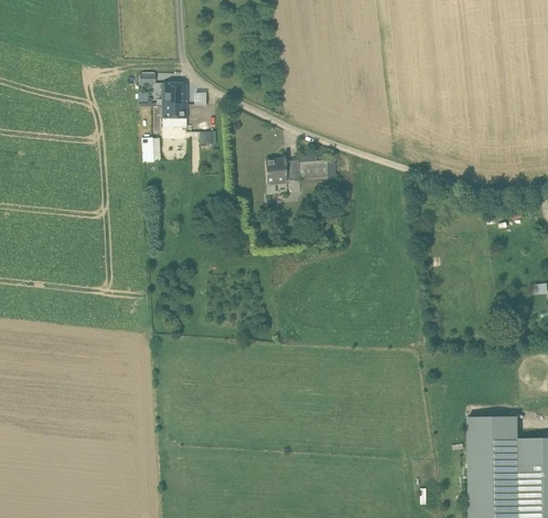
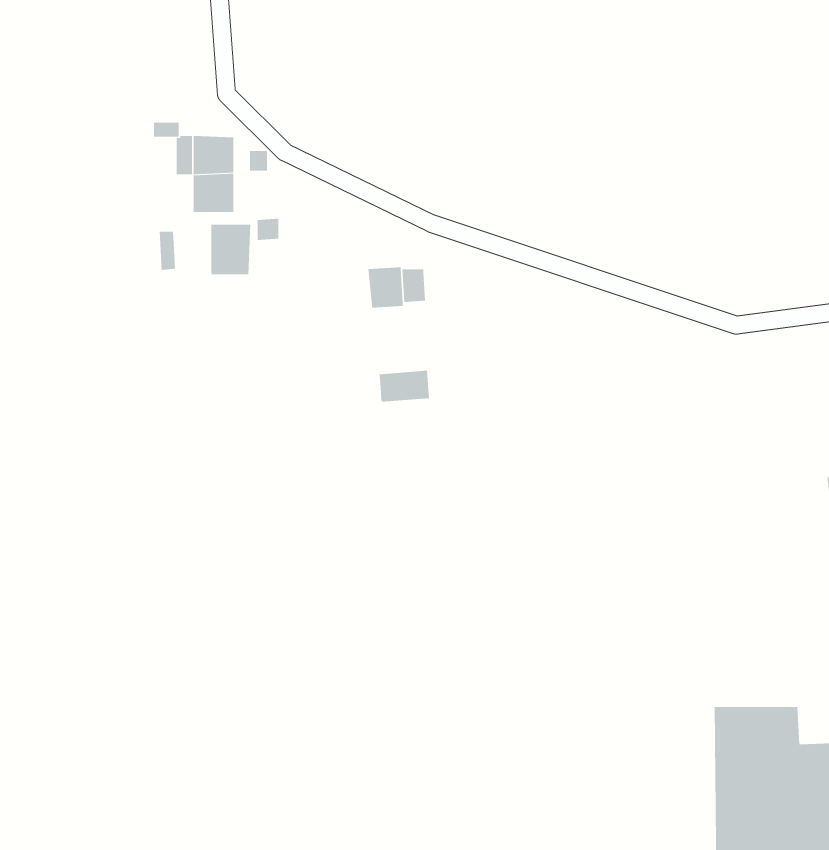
building: none -> [211,224,251,275]
building: [299,159,329,178] -> [379,370,430,402]

